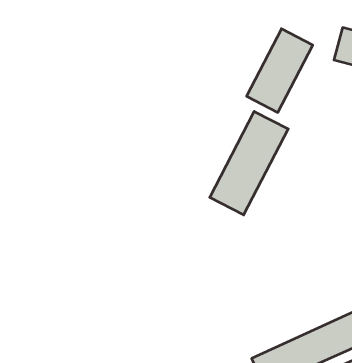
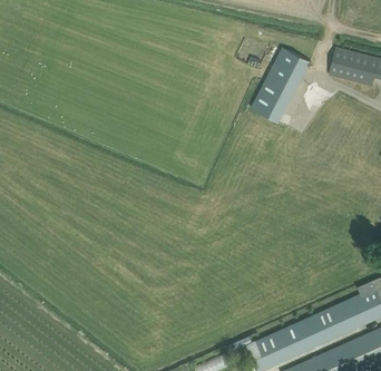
building: [210,111,288,215] -> none

